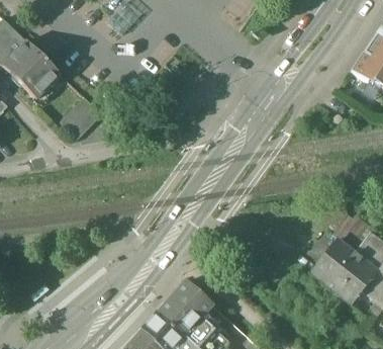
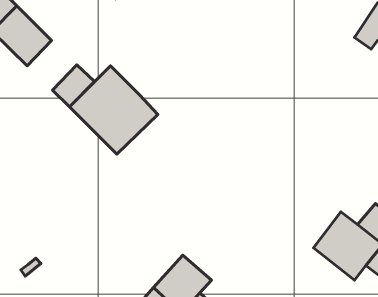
building: none -> [69,66,158,154]

